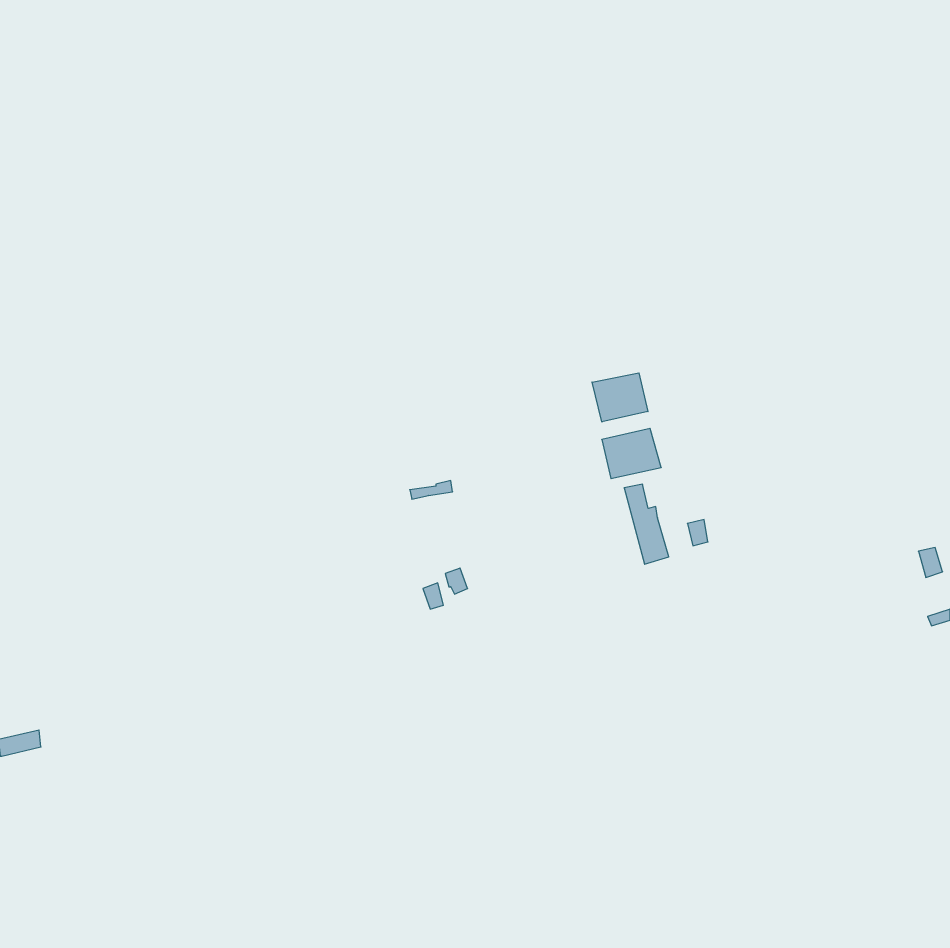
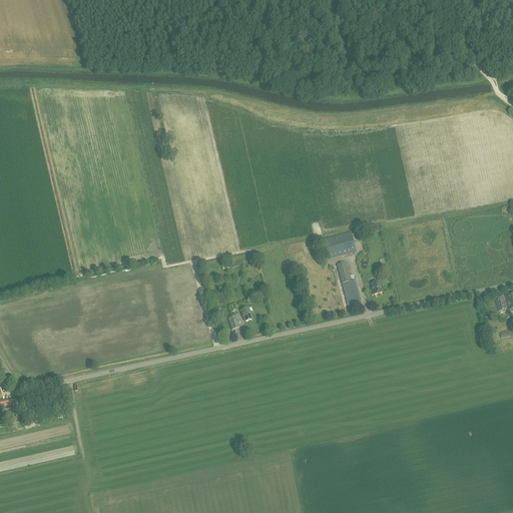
building: [592,373,648,422] -> none

